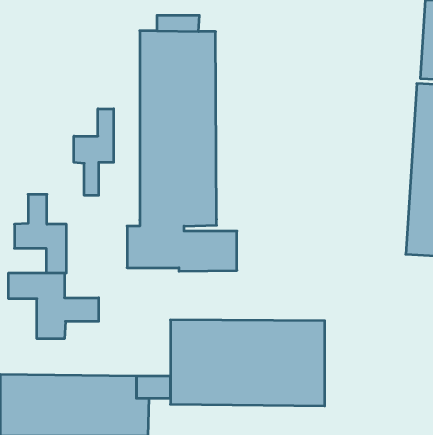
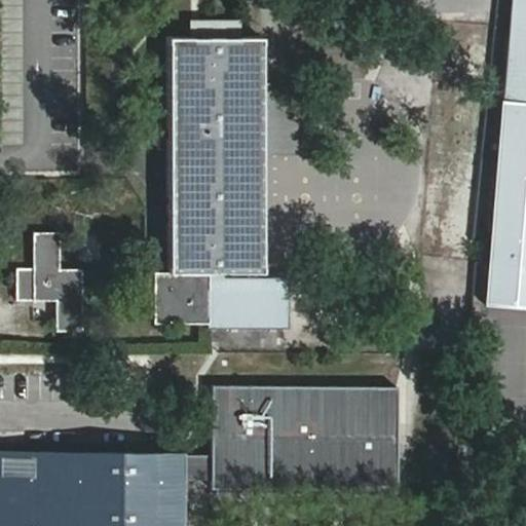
building: [74,109,114,195] -> none
building: [9,273,99,339] -> none

